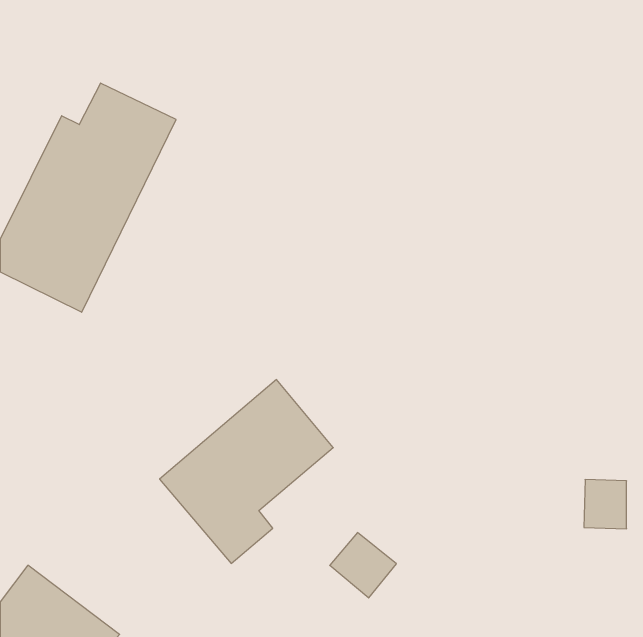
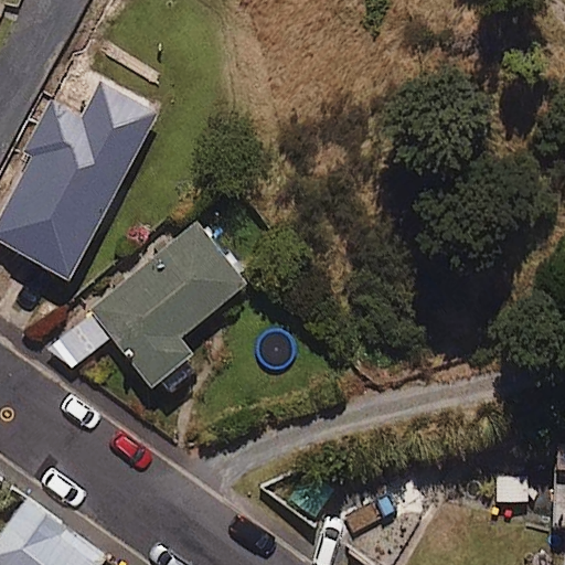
building: [160,380,333,563] -> [92,224,244,385]

